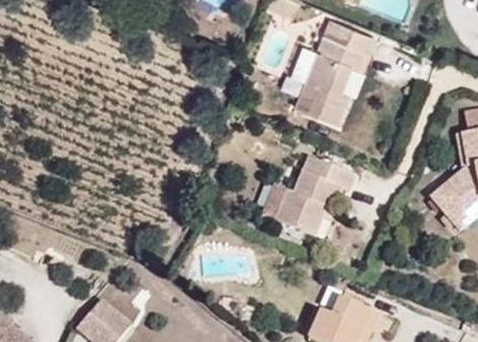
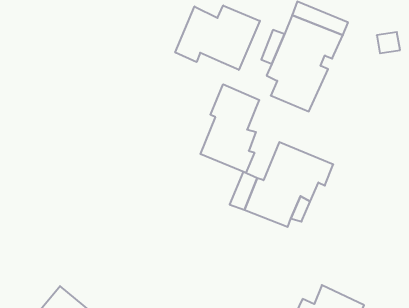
building: none -> [175,5,260,70]
building: none -> [200,84,259,173]

